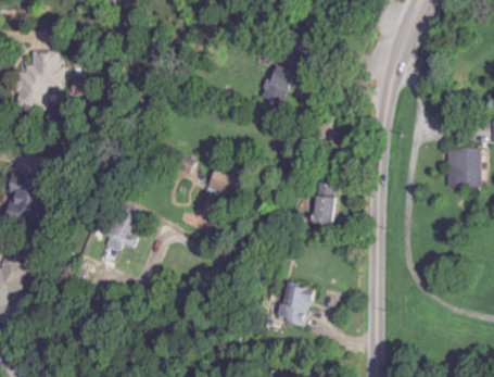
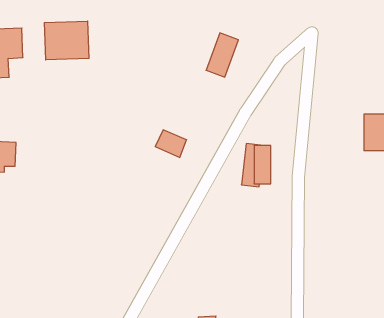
building: none -> [44,21,89,60]
building: [102,205,144,252] -> none
building: [268,282,306,327] -> none

